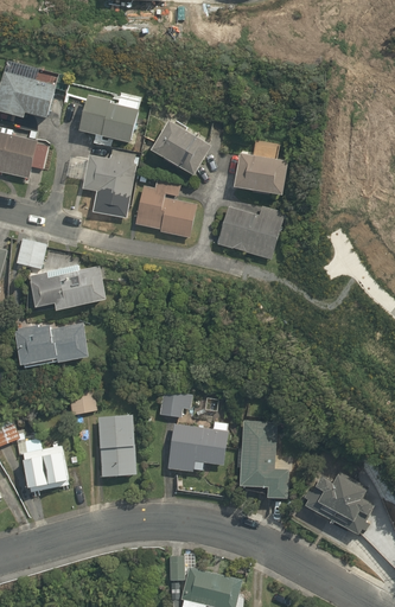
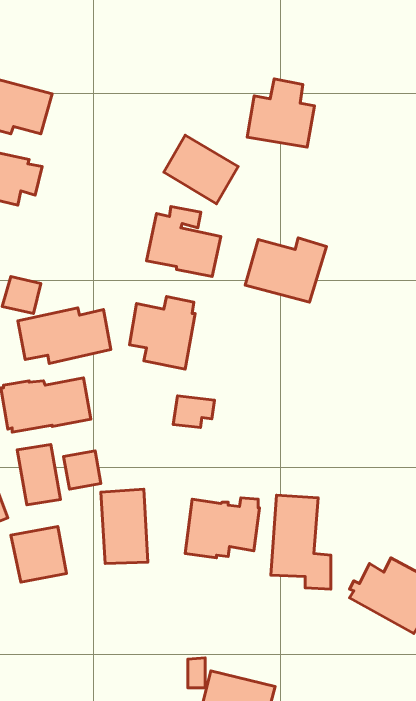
building: [78,96,139,145] -> none
building: [232,140,288,197] -> [247,79,314,147]
building: [82,149,136,210] -> [129,296,195,369]
building: none -> [17,444,61,505]
building: [159,391,193,417] -> [173,396,215,427]

